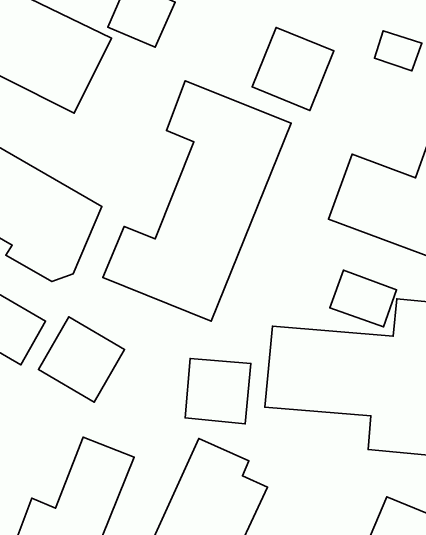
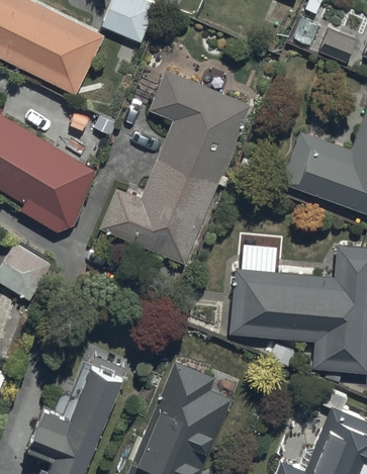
building: [252,27,334,111] -> none
building: [330,270,396,327] -> none
building: [38,317,125,402] -> none
building: [185,359,251,424] -> none

